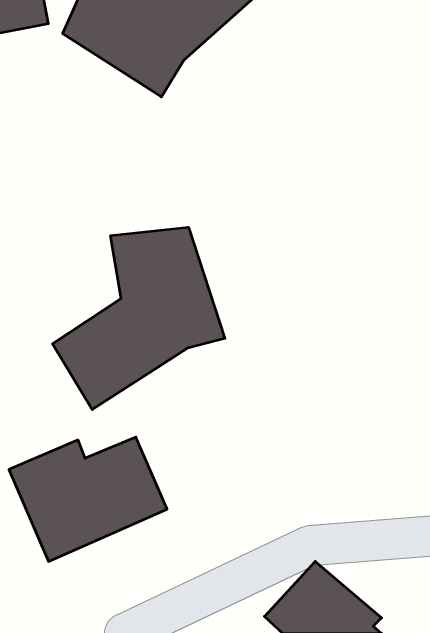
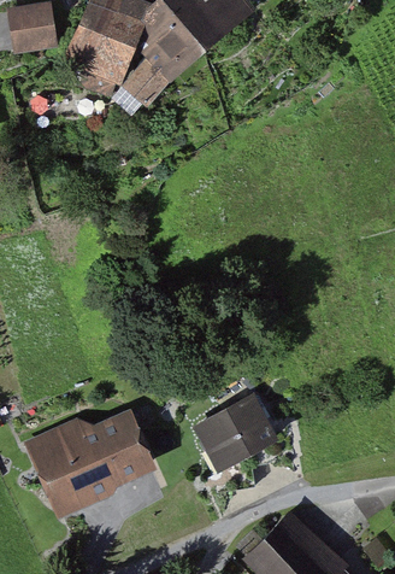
building: [53,227,225,410] -> none
building: none -> [189,387,273,468]

